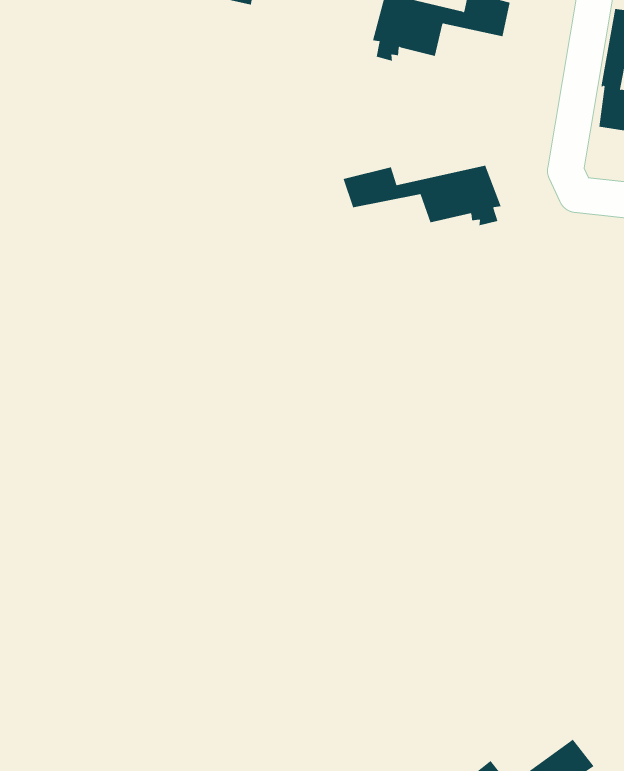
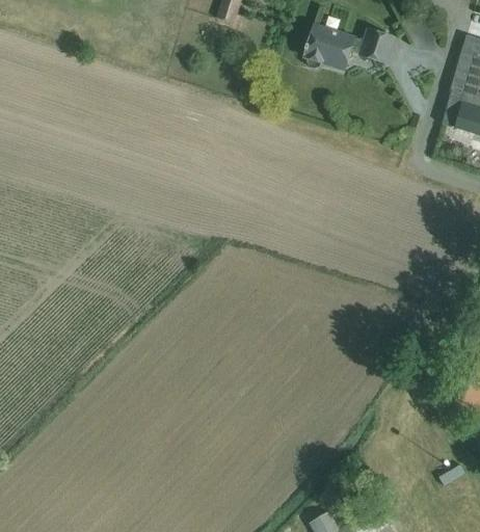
building: [343,165,502,226] -> none

